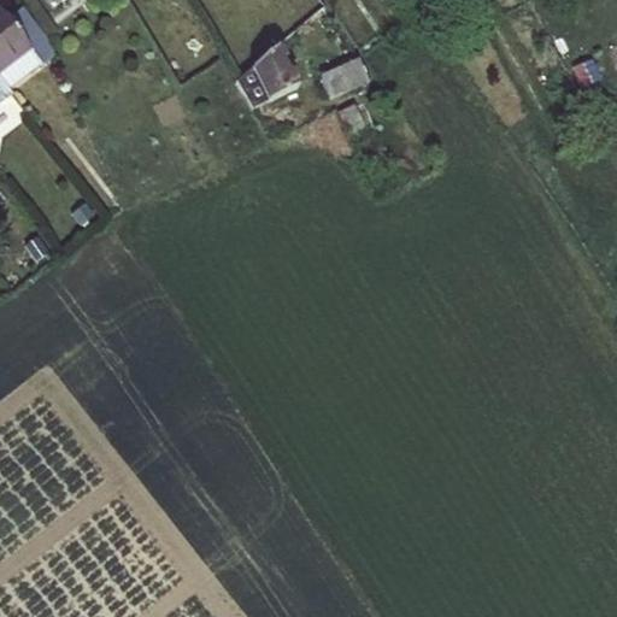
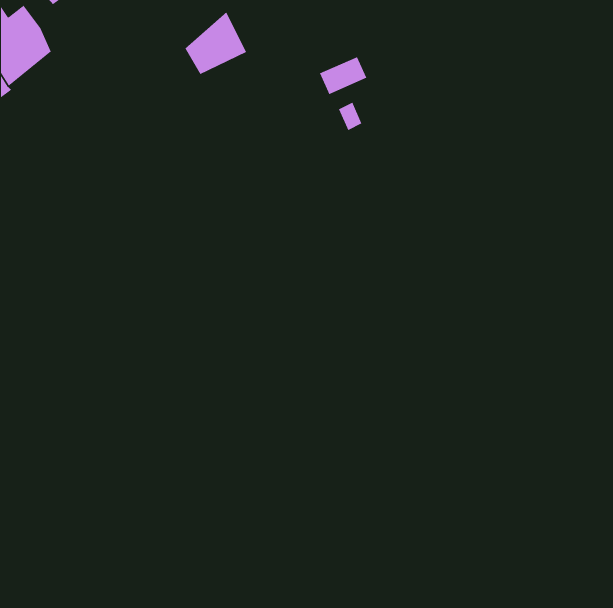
building: [236,42,299,106] -> [184,11,247,75]

